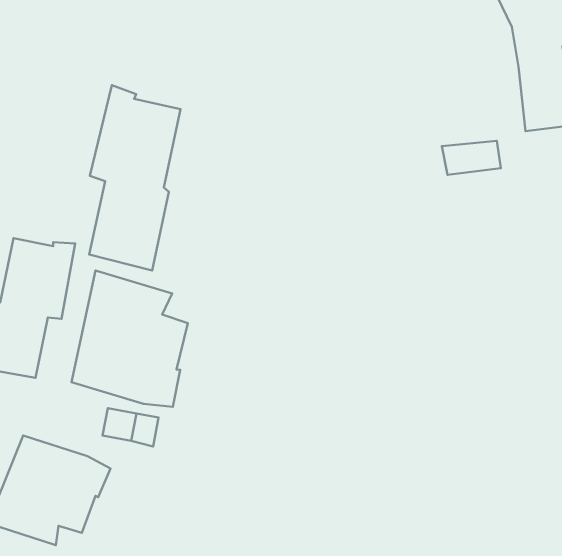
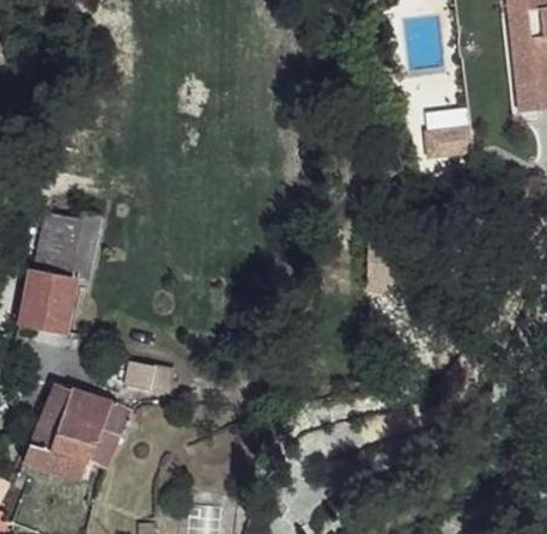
building: [89,85,180,270] -> none
building: [72,270,188,407] -> none

